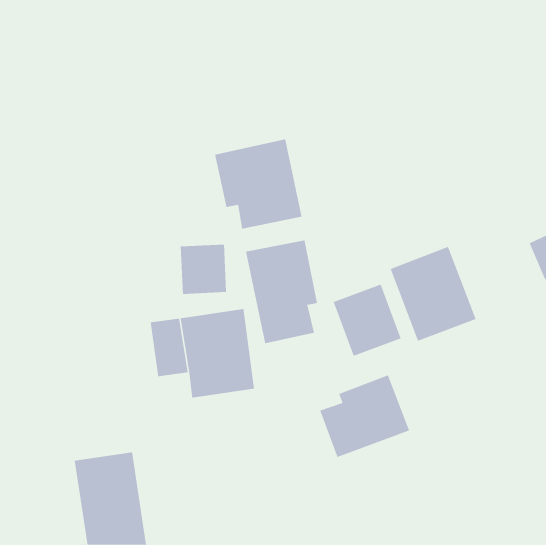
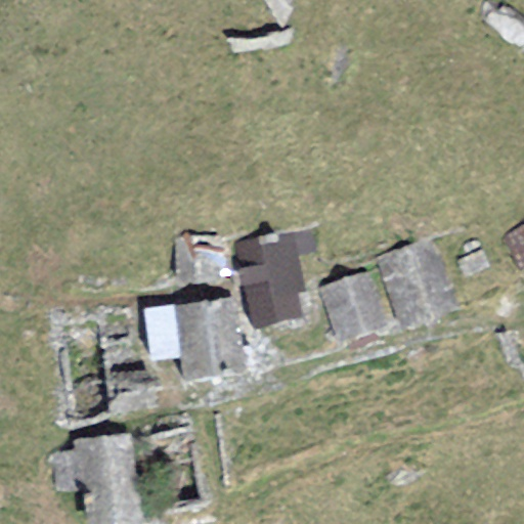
building: [214,139,302,230] -> none
building: [320,375,410,458] -> none

